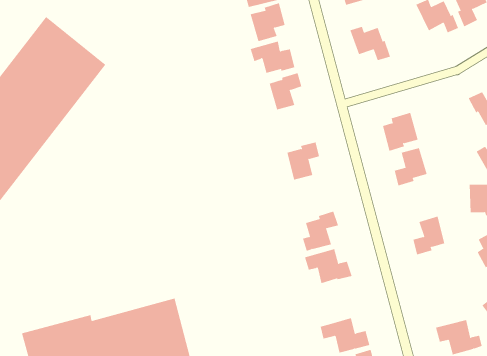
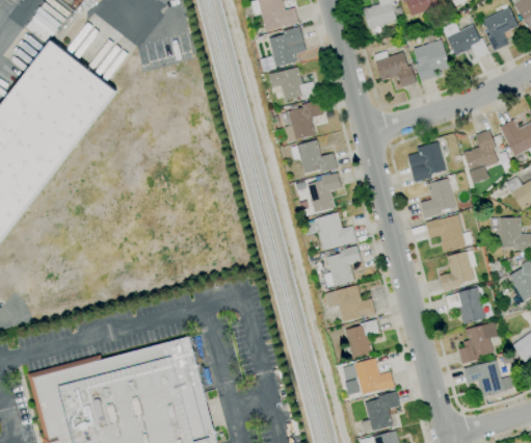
building: none -> [414,40,450,81]
building: none -> [463,129,498,184]
building: none -> [290,139,337,174]
building: none -> [308,212,356,250]
building: none -> [425,215,473,253]
building: none -> [446,287,485,324]
building: none -> [345,319,378,359]
building: none -> [458,322,498,364]

